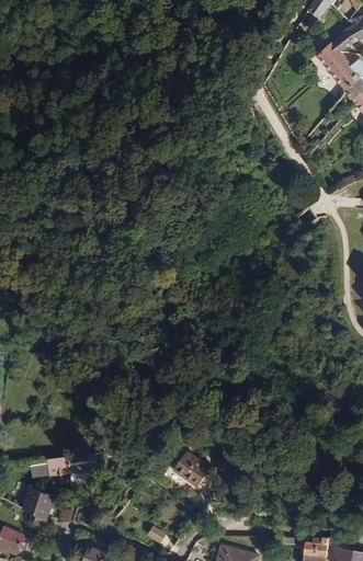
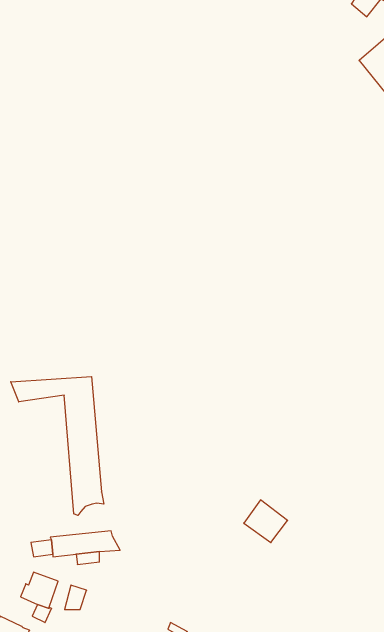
building: none -> [11,377,104,515]
building: [171,449,208,485] -> [244,500,288,543]

